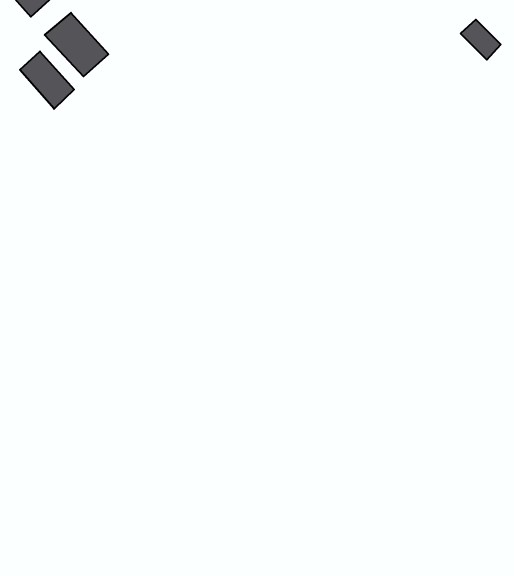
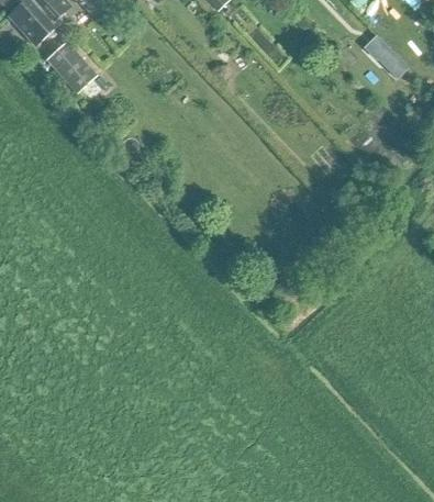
building: [20,51,74,109] -> none

